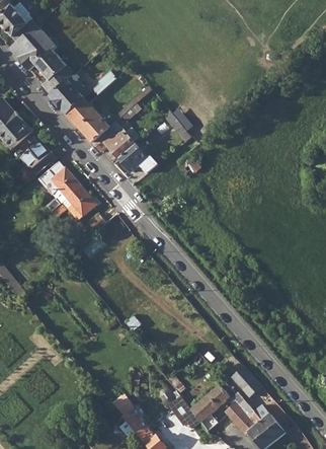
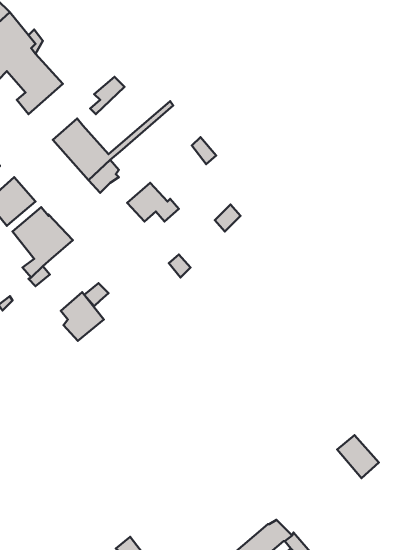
building: [50,68,84,114] -> none
building: [107,122,136,158] -> none
building: [66,184,96,219] -> [61,292,104,341]
building: [232,366,261,396] -> [337,435,379,478]

